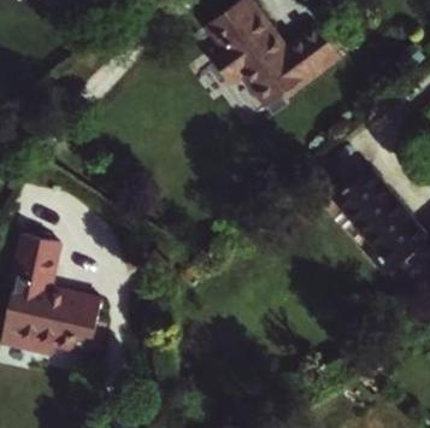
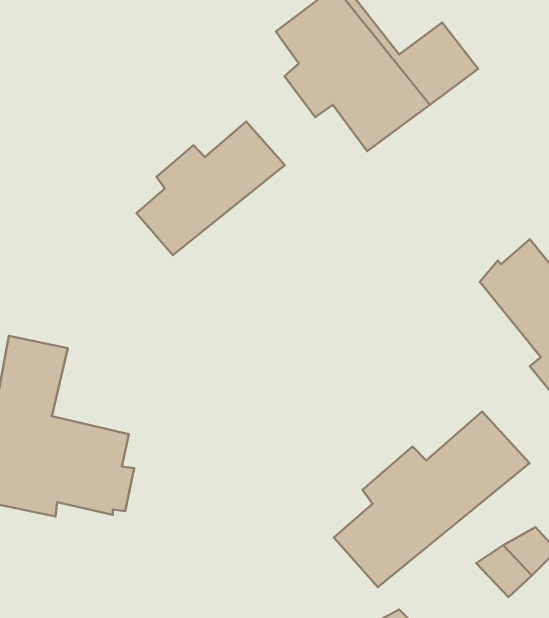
building: none -> [137,121,285,255]
building: none -> [334,412,530,587]

